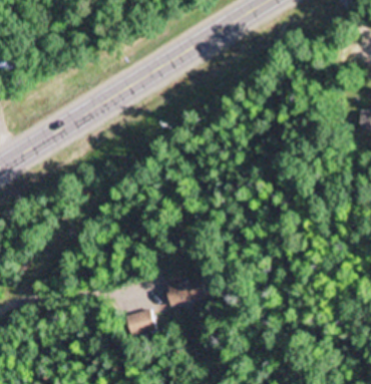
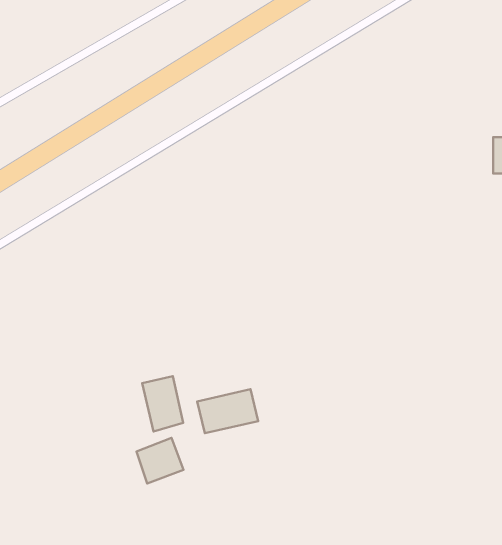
building: none -> [142,376,183,431]

